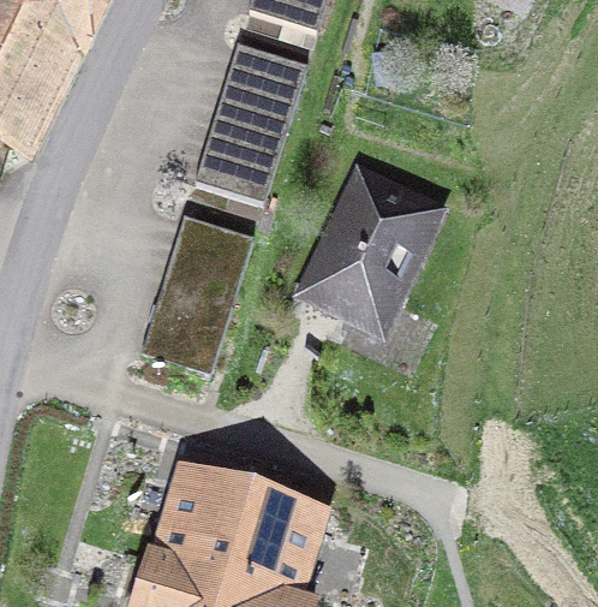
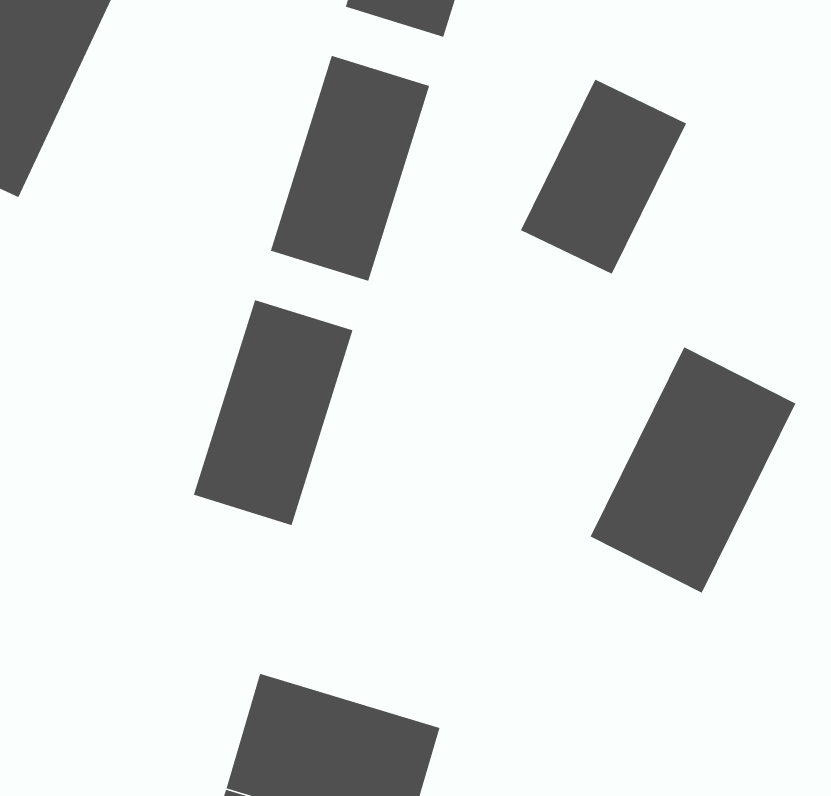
building: [312,183,430,321] -> [520,79,687,275]
building: none -> [590,346,797,594]

